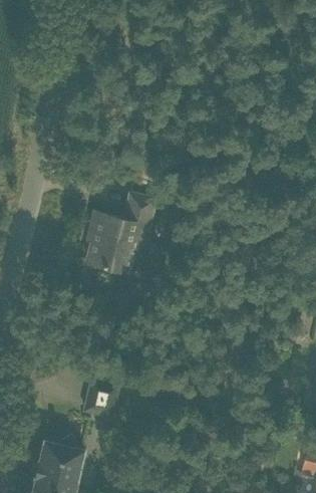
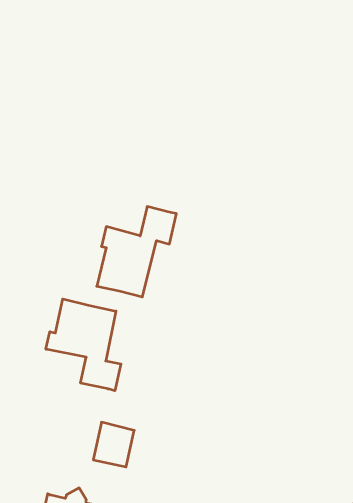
building: none -> [46,299,121,391]

